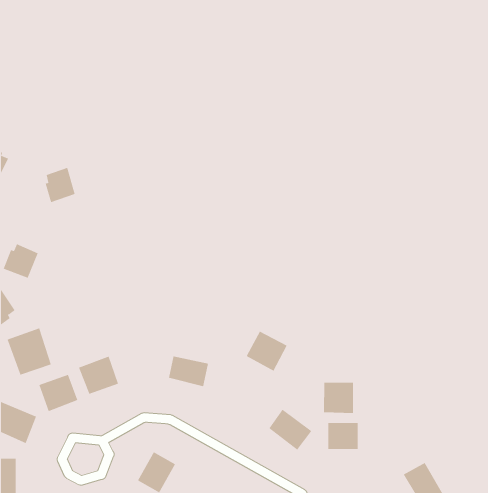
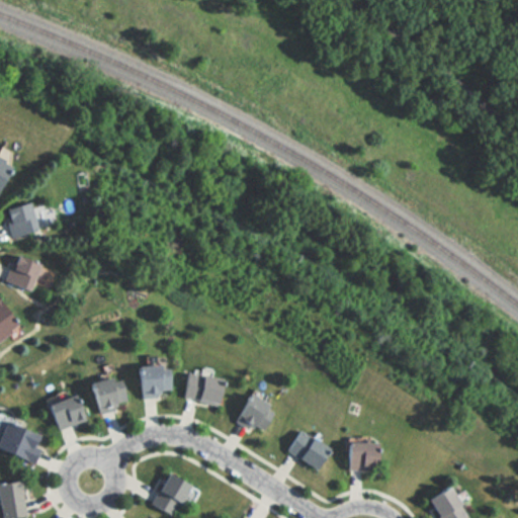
building: [45,167,76,203] -> [10,202,42,240]
building: [7,328,52,376] -> none
building: [246,331,287,372] -> [234,394,277,436]
building: none -> [135,362,174,399]
building: [324,382,353,414] -> none

